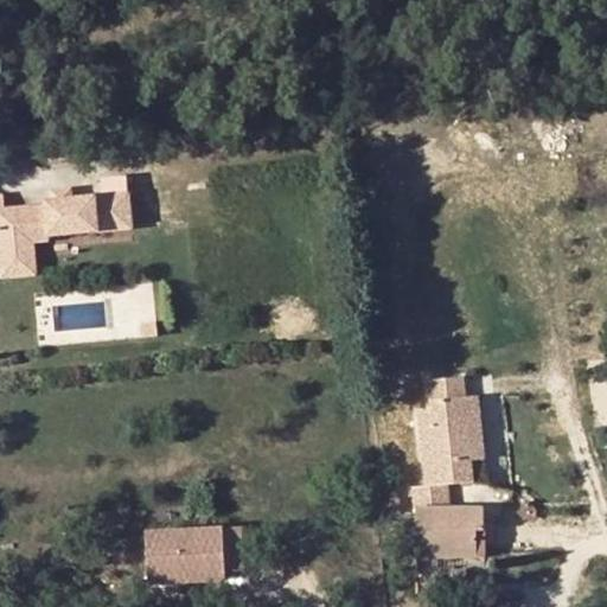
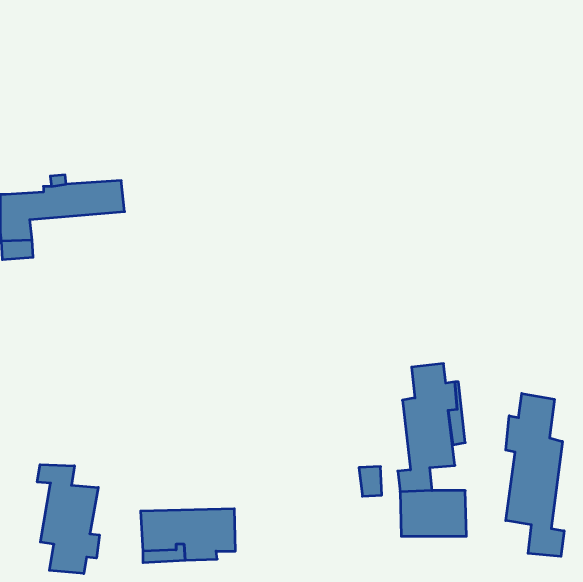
building: none -> [506,393,564,556]
building: none -> [37,465,99,574]

